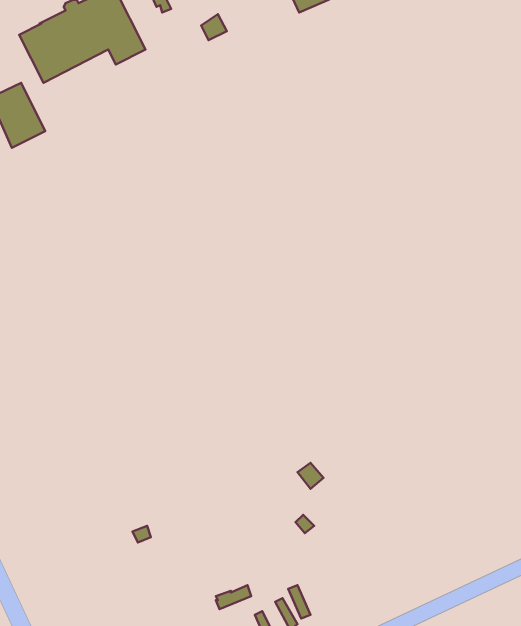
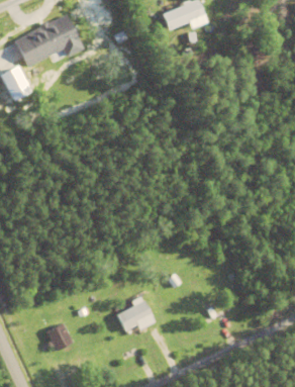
building: none -> [117,300,153,330]
building: none -> [46,324,73,353]

